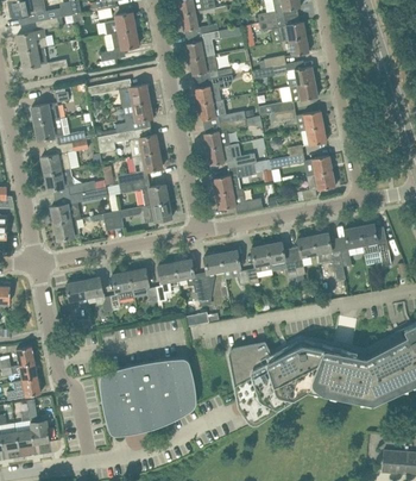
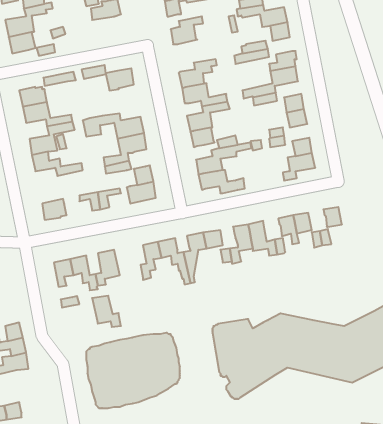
building: [100,29,138,62] -> none
building: [189,55,233,79] -> none
building: [115,101,152,133] -> none
building: [51,188,108,224] -> none
building: [359,224,391,267] -> none
building: [128,269,158,301] -> [92,296,121,327]
building: [27,399,50,444] -> none

